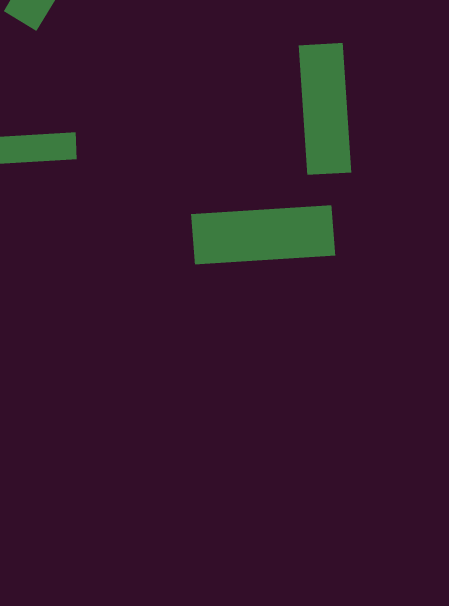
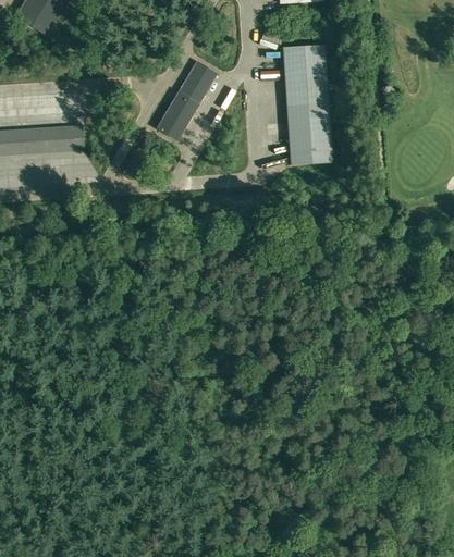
building: none -> [157,62,217,140]
building: [190,204,336,265] -> none

